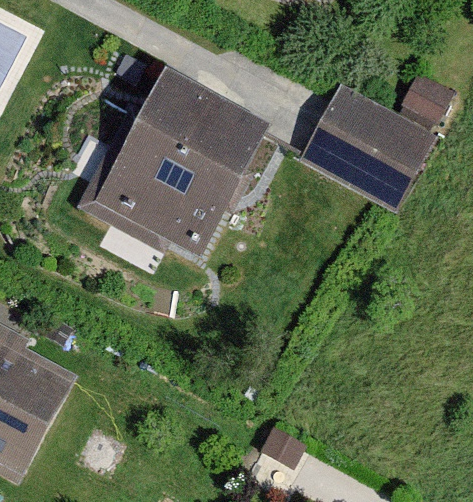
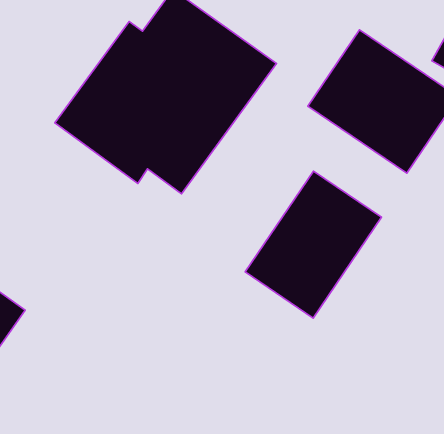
building: none -> [245,171,382,318]

